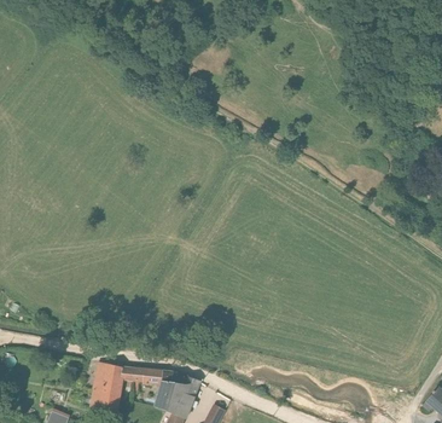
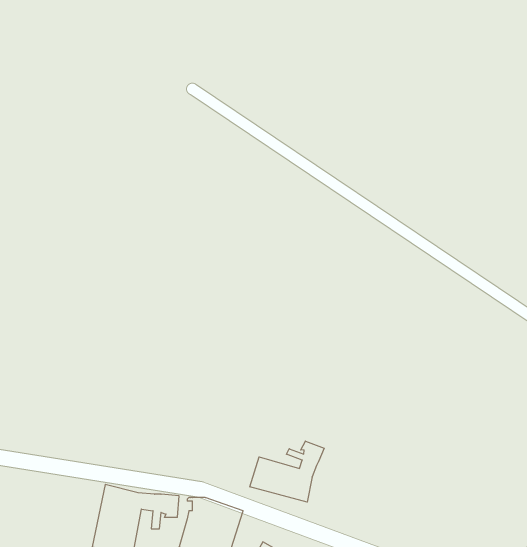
building: none -> [250,441,324,502]

